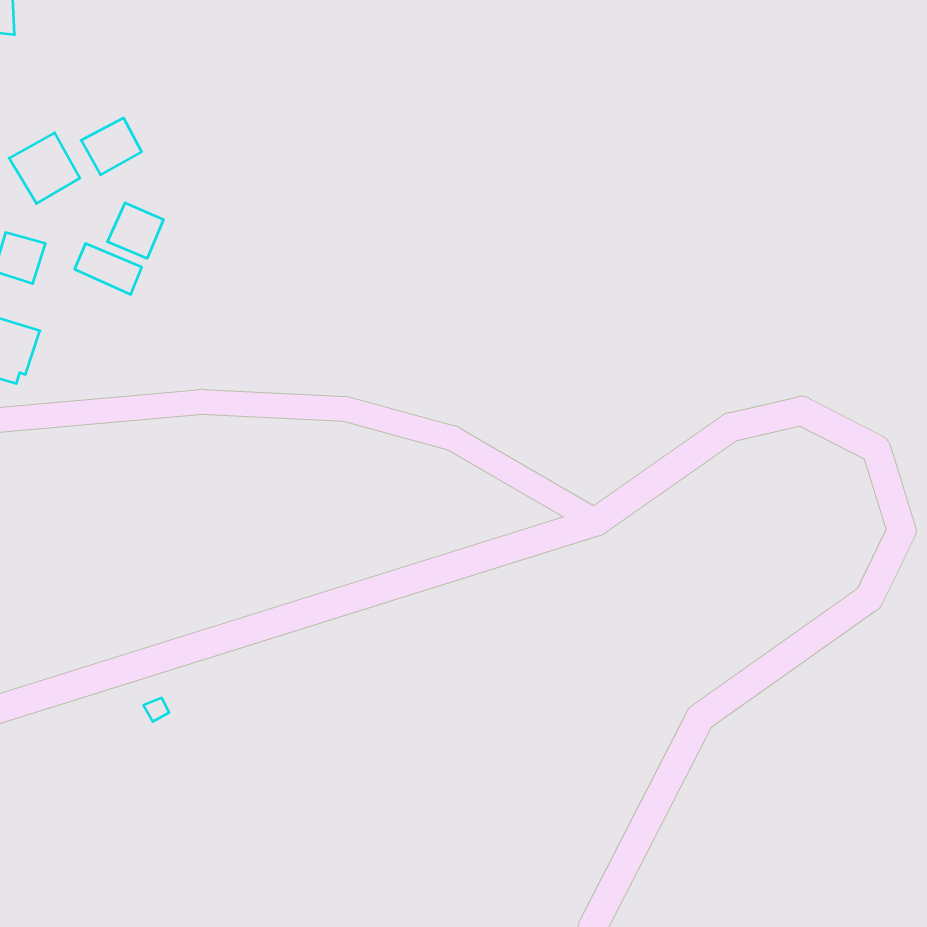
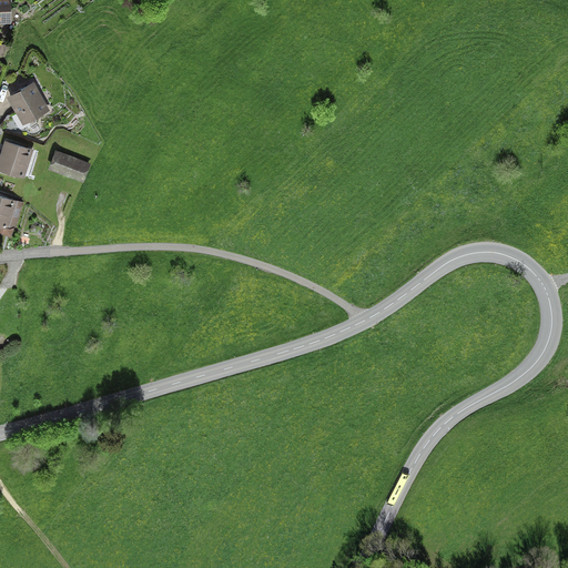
building: [81,118,142,175] -> none
building: [107,203,163,258] -> none

